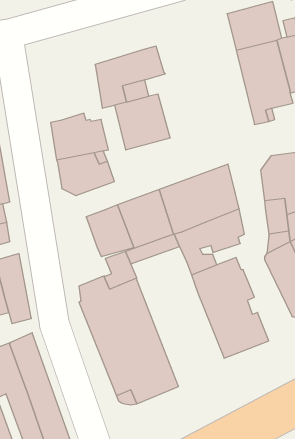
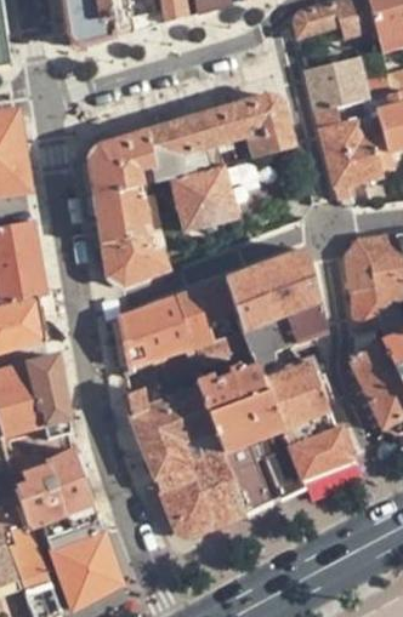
building: none -> [220,93,294,156]
building: none -> [87,130,153,199]
building: none -> [118,312,154,366]
building: none -> [197,365,303,514]

